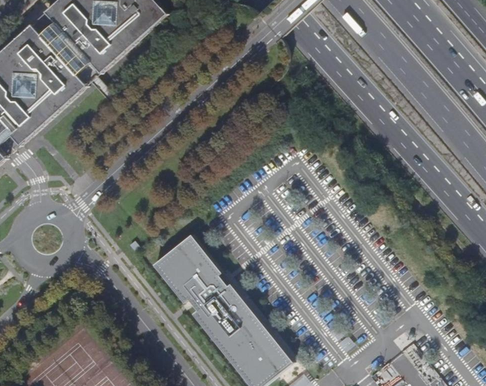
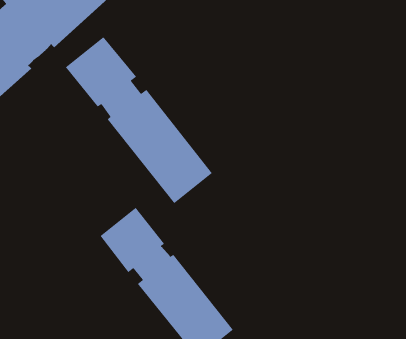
building: none -> [65,36,213,204]

